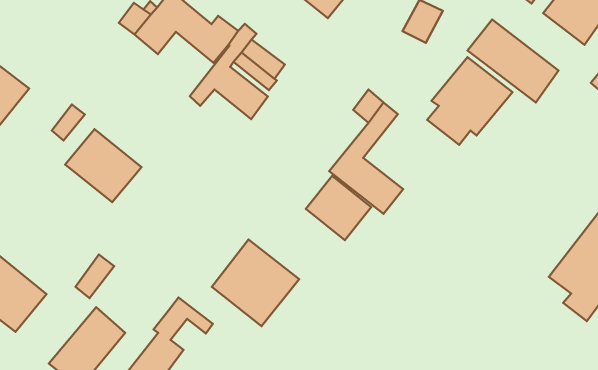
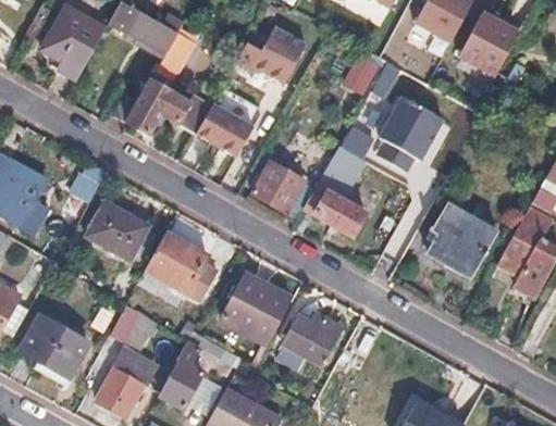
building: [468,19,558,102] -> none
building: none -> [145,230,209,292]
building: [306,176,371,240] -> [252,160,306,211]
building: none -> [427,201,495,273]
building: none -> [284,315,343,364]

